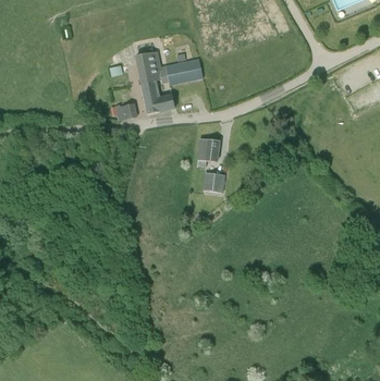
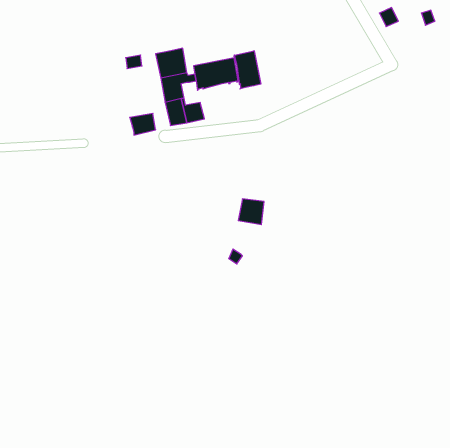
building: none -> [234,51,261,89]
building: [196,138,219,167] -> none

